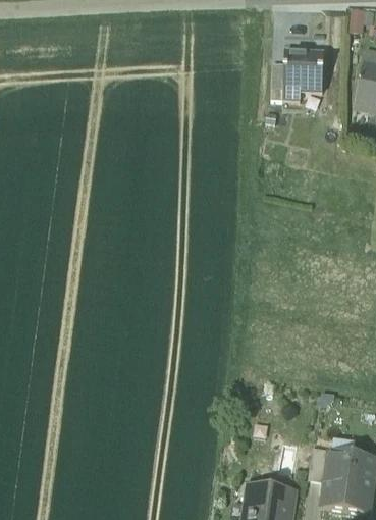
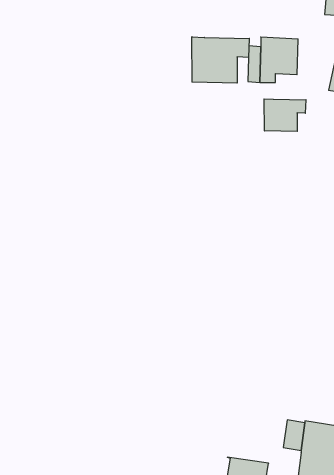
building: none -> [192,37,249,83]
building: none -> [264,99,306,131]

